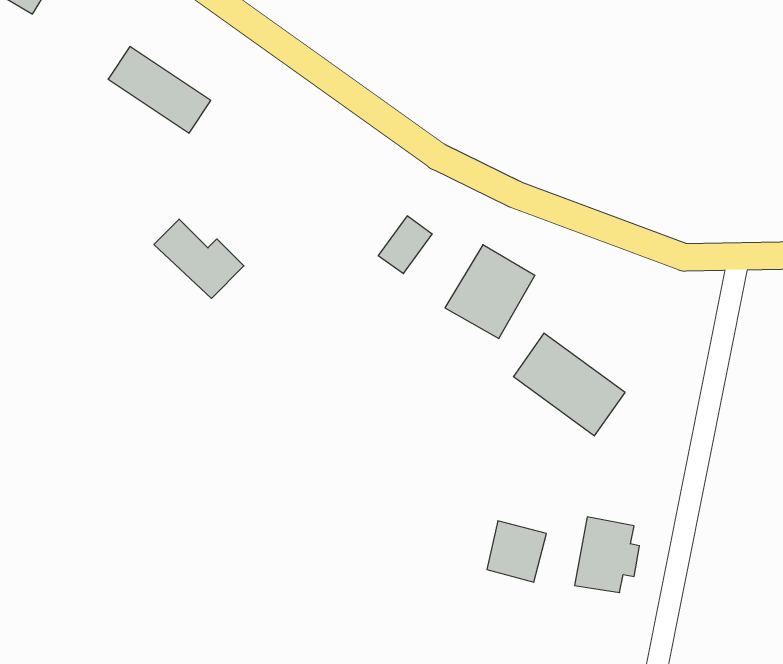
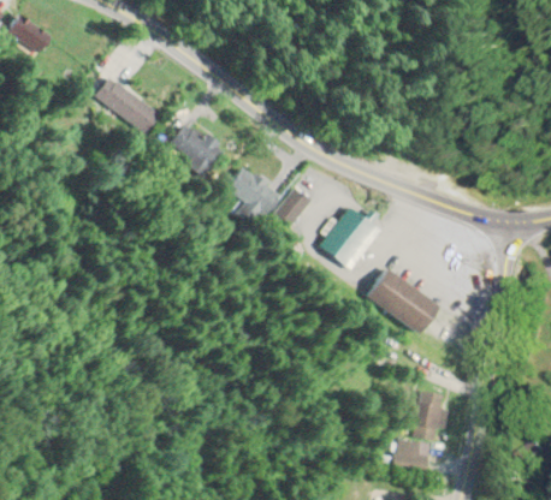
building: none -> [225,167,279,215]
building: [154,219,244,298] -> [166,120,226,173]
building: [487,521,546,582] -> [392,438,432,478]

